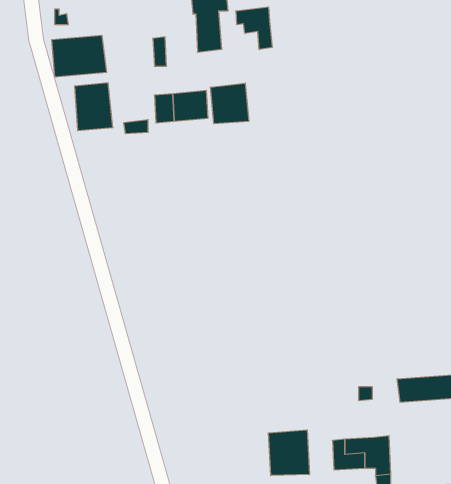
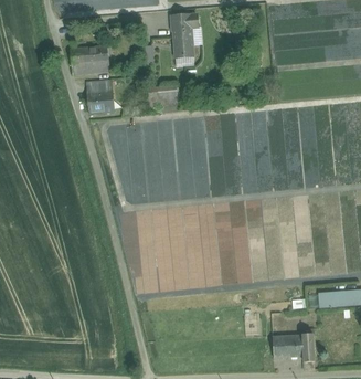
building: [236,7,272,50] -> none
building: [211,83,249,124] -> none
building: [269,430,309,476] -> none

